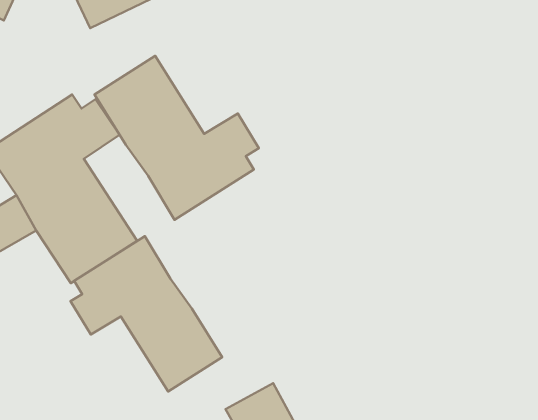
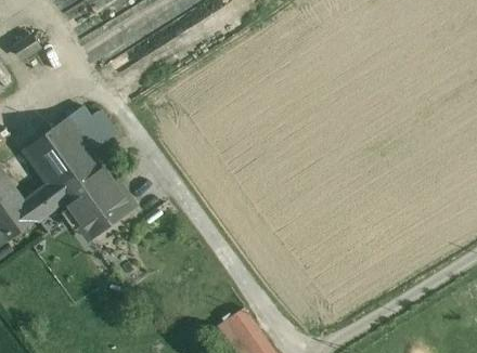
building: [95,56,259,220] -> none
building: [71,236,222,392] -> none

